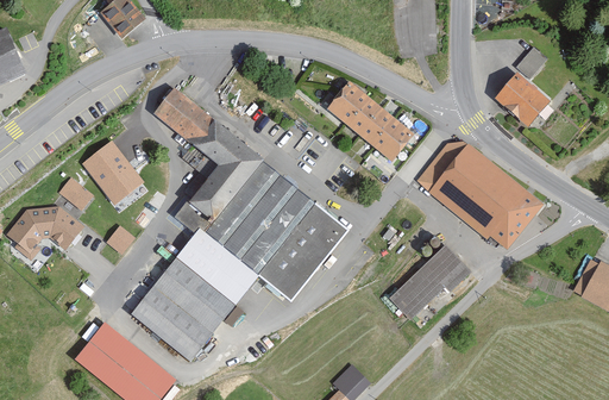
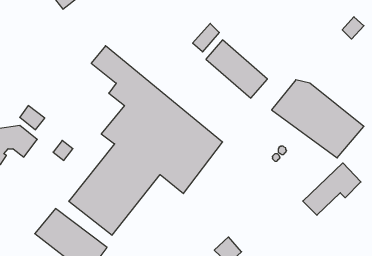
building: none -> [193,23,219,52]
building: [501,75,554,129] -> none
building: [80,140,140,204] -> none
building: [390,243,473,318] -> [303,163,361,215]

